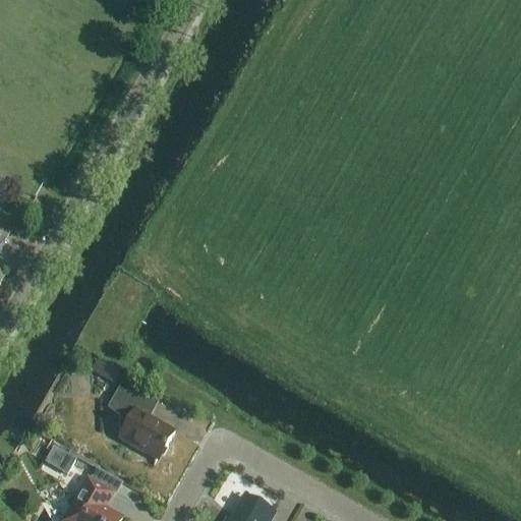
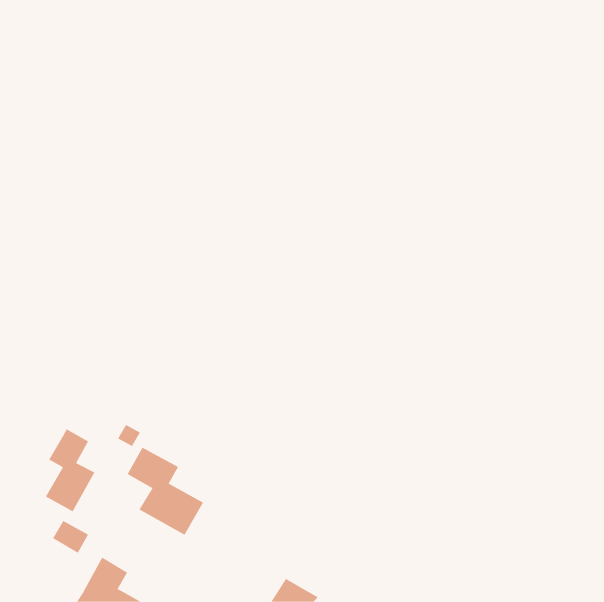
building: none -> [45,429,95,512]

